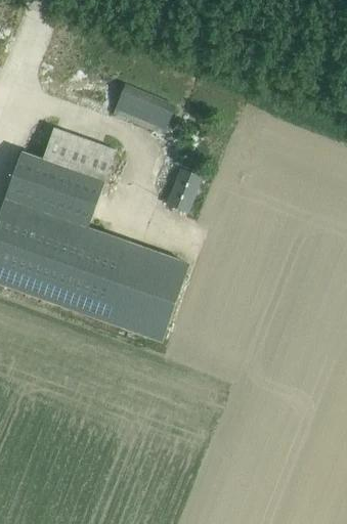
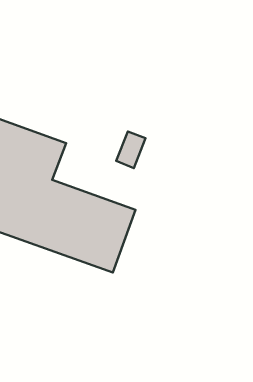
building: [116,85,175,130] -> none
building: [43,128,116,182] -> none

